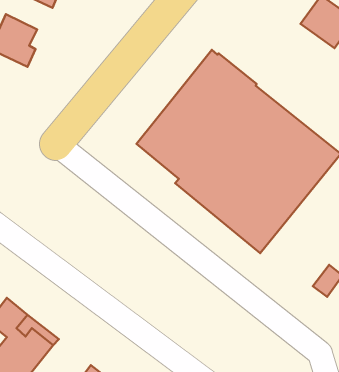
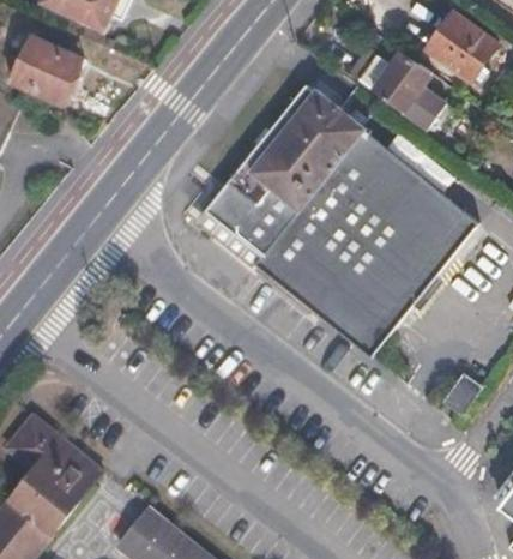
building: none -> [350,48,431,116]

